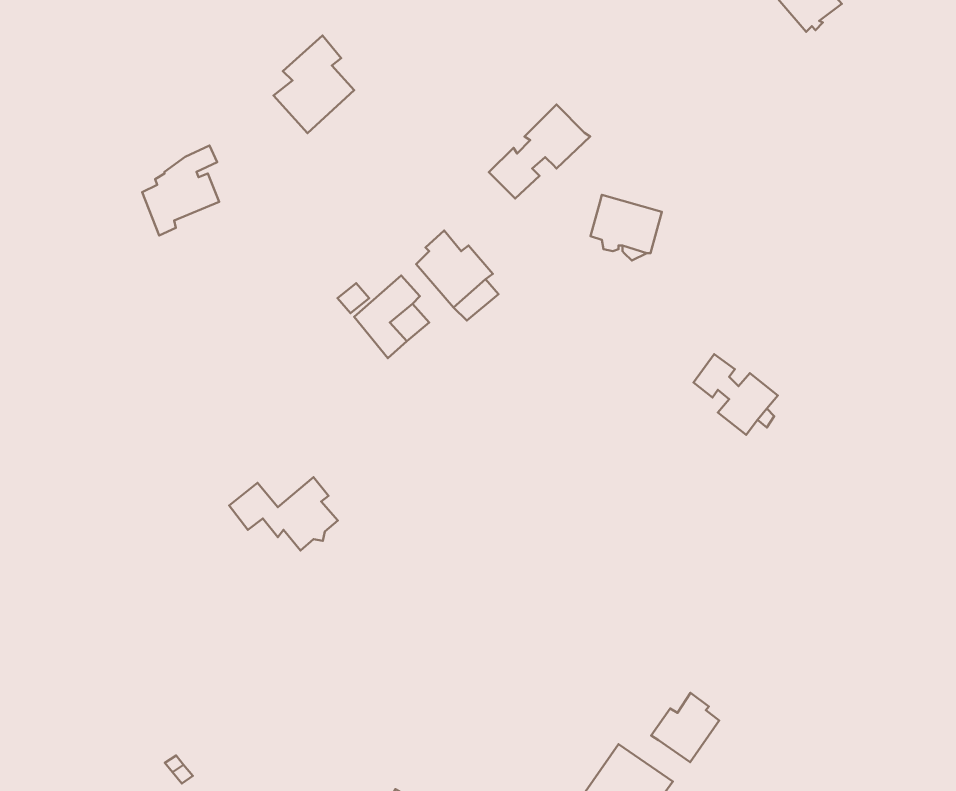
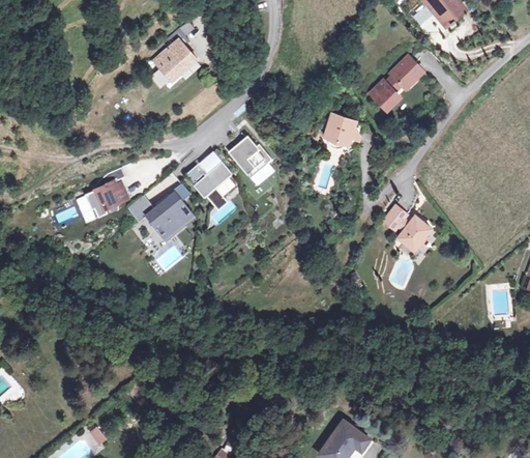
building: [489,105,590,198] -> [370,55,425,107]
building: [142,145,219,235] -> [85,168,127,218]
building: [229,477,338,550] -> [127,193,187,233]
building: [651,693,719,762] -> none

